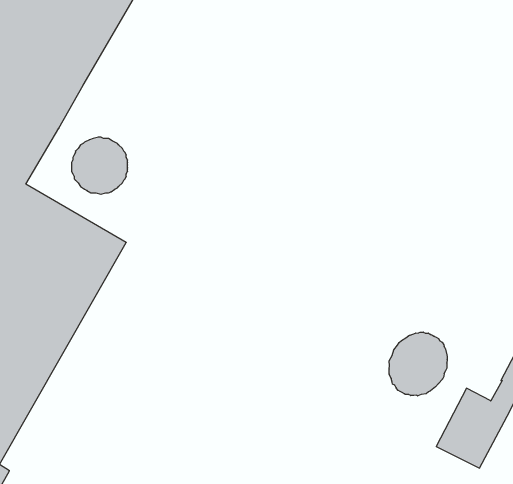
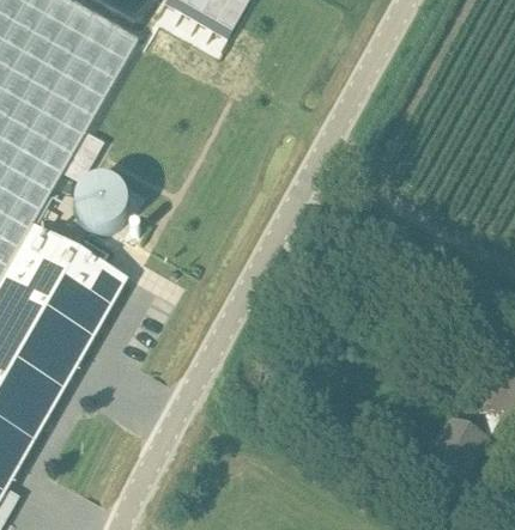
building: none -> [63,126,103,176]
building: [389,332,447,396] -> none

